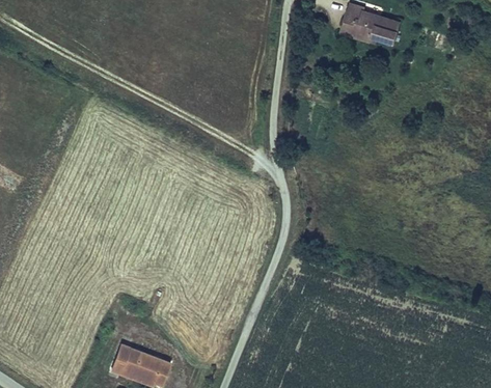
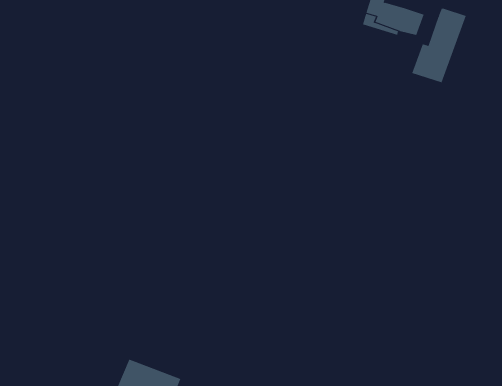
building: none -> [411,8,466,83]

